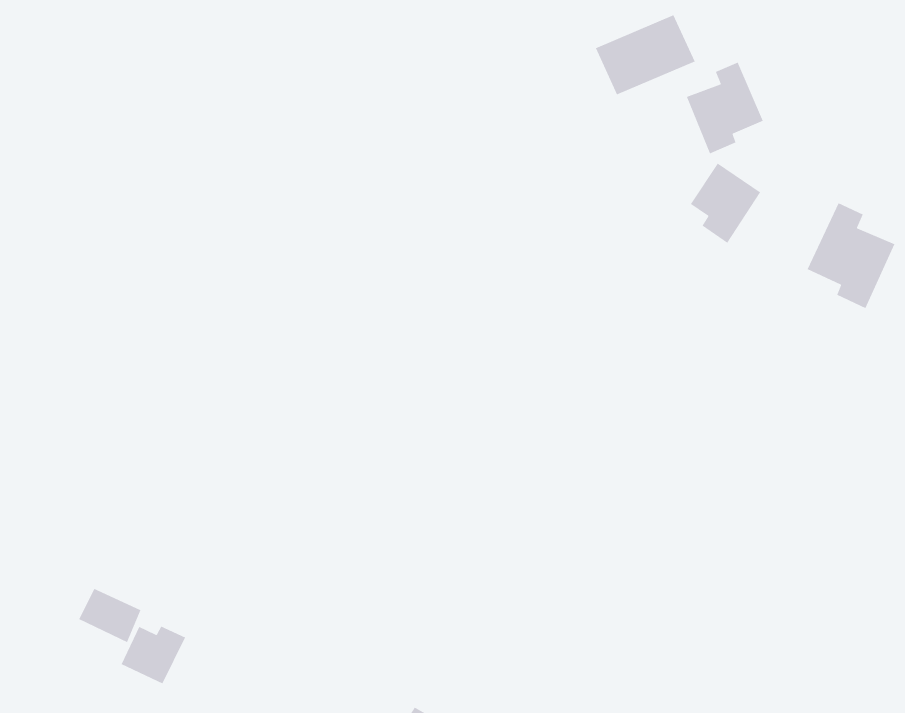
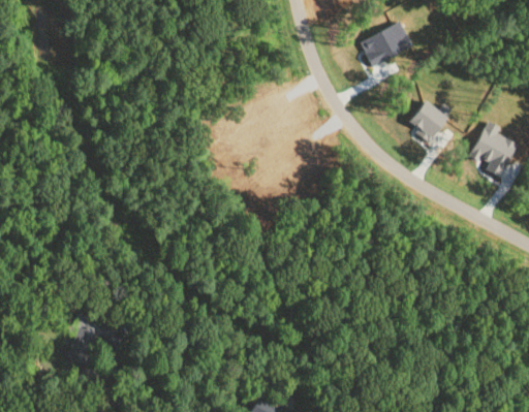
building: [686,62,764,154] -> none
building: [120,625,186,684] -> none

